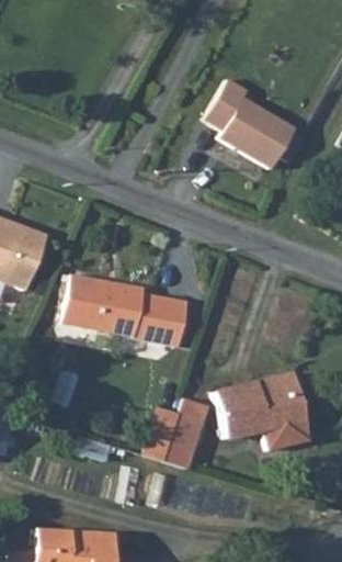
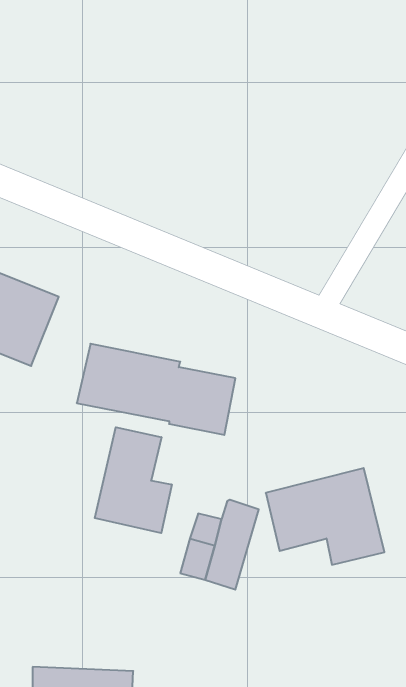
building: [201,76,290,167] -> none
building: none -> [95,427,172,533]

